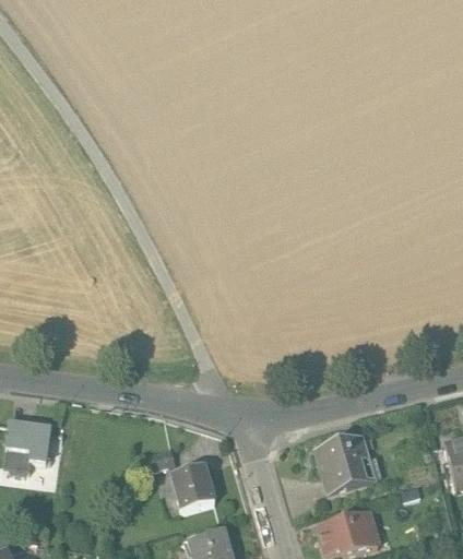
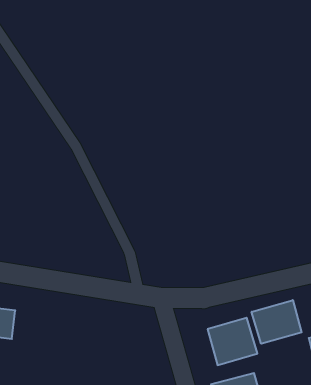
building: none -> [252,300,302,344]
building: [168,461,217,509] -> none

